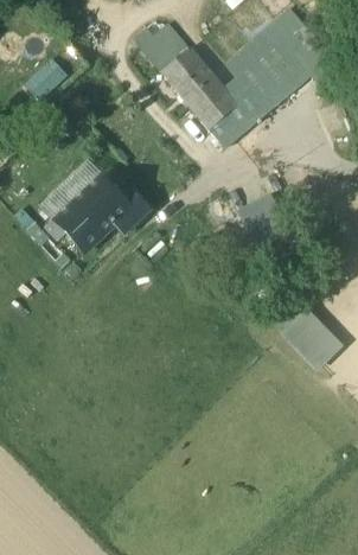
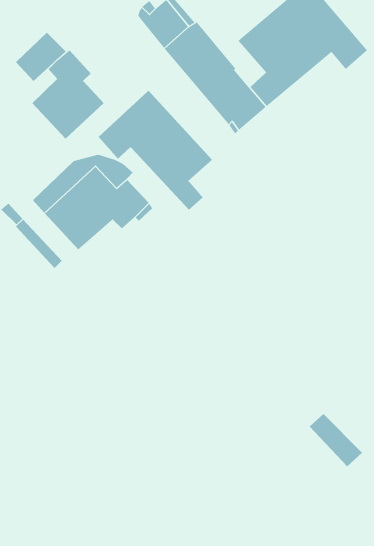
building: none -> [32,50,104,140]
building: none -> [98,90,213,211]
building: [286,315,334,364] -> [309,413,363,467]

